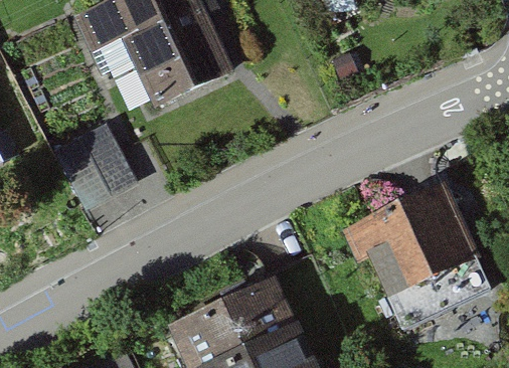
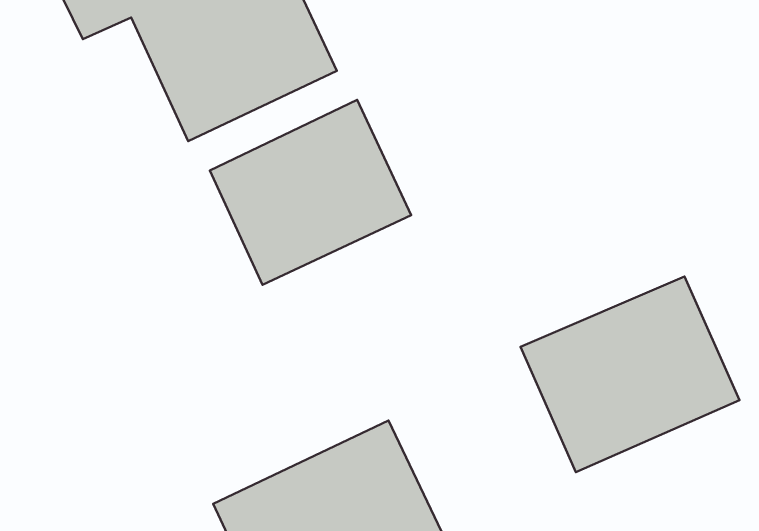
building: none -> [210,100,411,285]
building: [52,125,129,206] -> none

